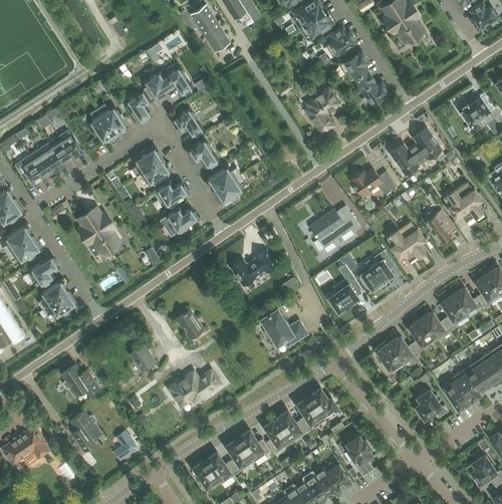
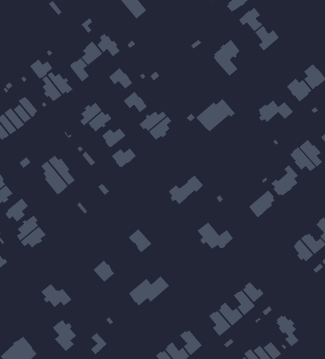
building: none -> [29,59,53,79]
building: [309,206,359,246] -> [196,98,236,132]
building: [239,430,270,461] -> none

